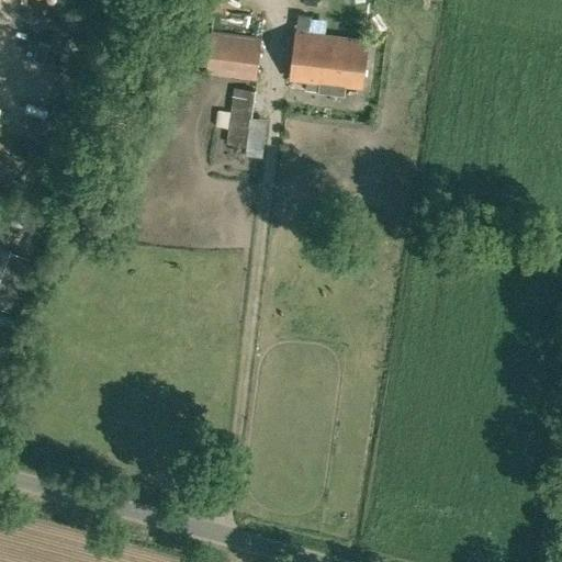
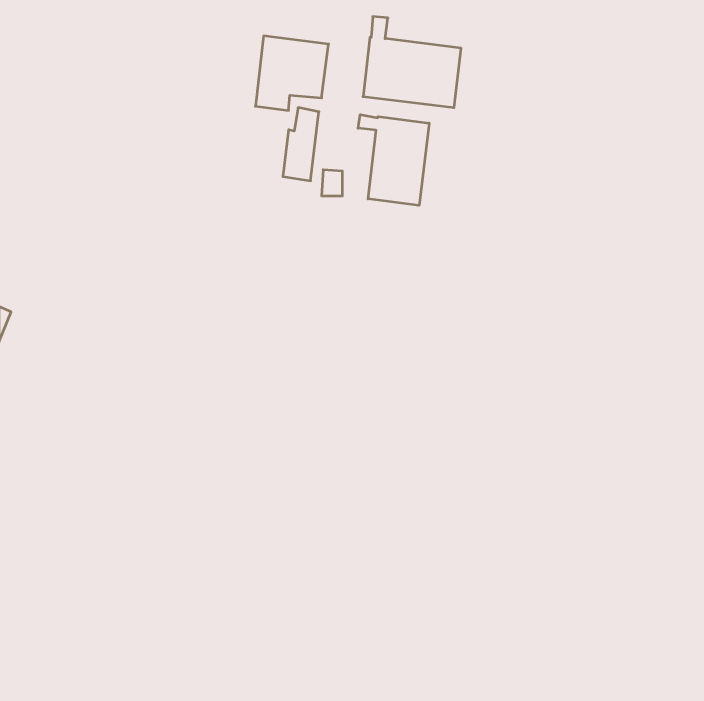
building: none -> [358,115,429,205]

